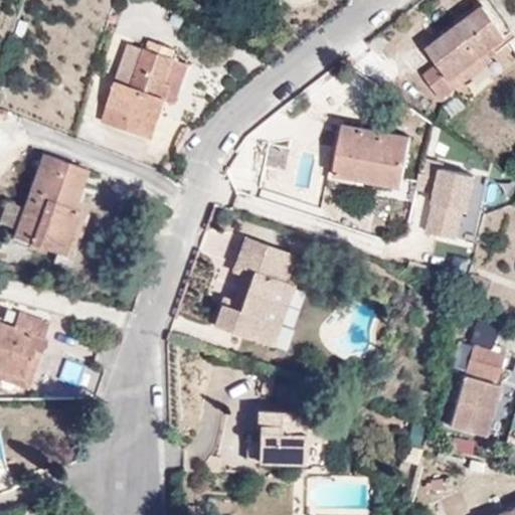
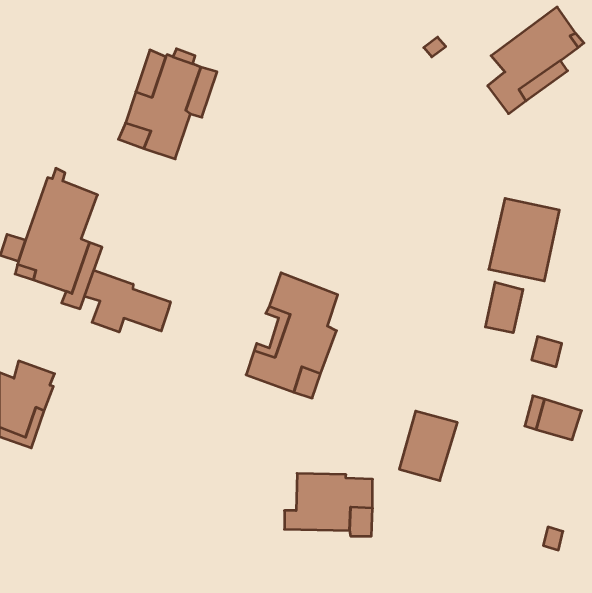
building: [335,125,410,184] -> none
building: none -> [84,270,170,332]
building: none -> [485,282,523,333]
building: [449,377,499,438] -> [399,411,457,481]

